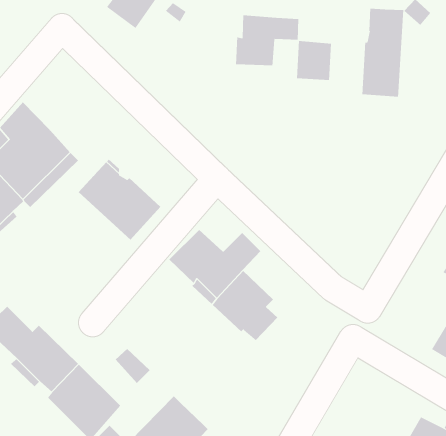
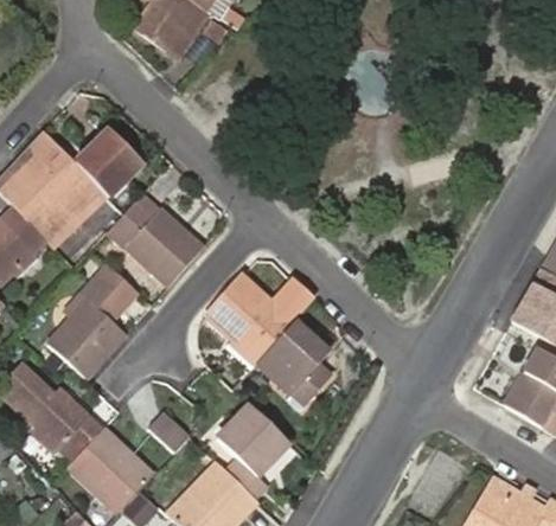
building: [362,8,404,97] -> none
building: [235,15,299,66] -> none
building: none -> [76,131,141,198]
building: none -> [46,265,133,380]
building: none -> [212,403,285,495]

